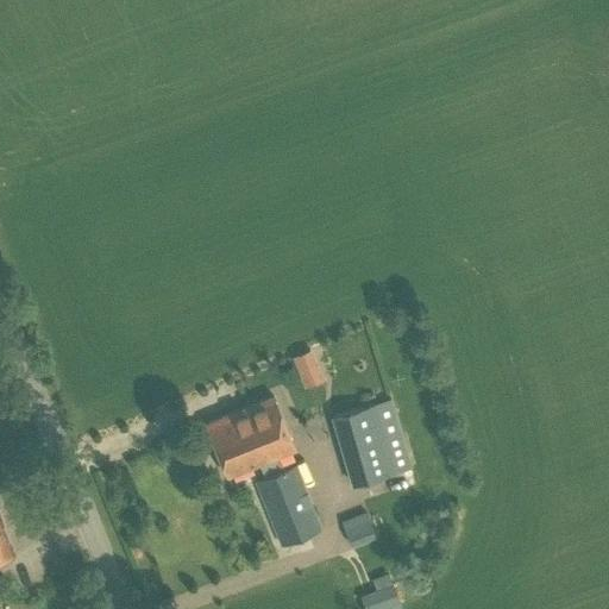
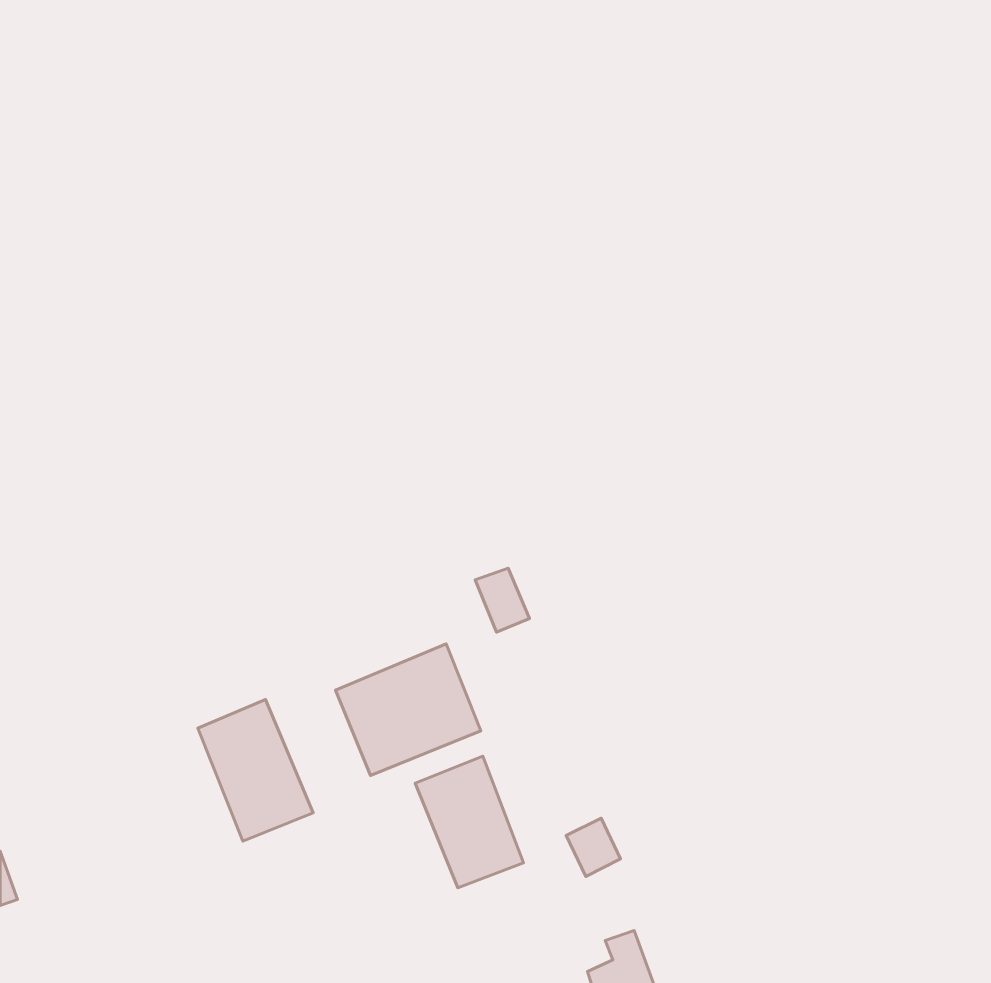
building: [331,403,412,490] -> none
building: none -> [198,700,313,841]

